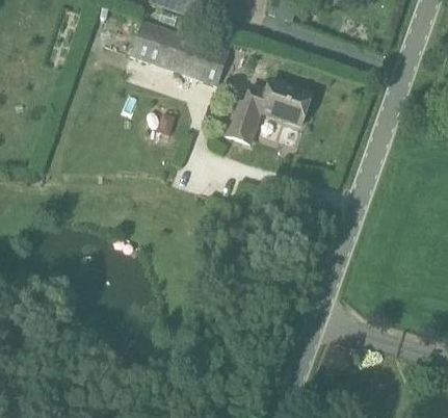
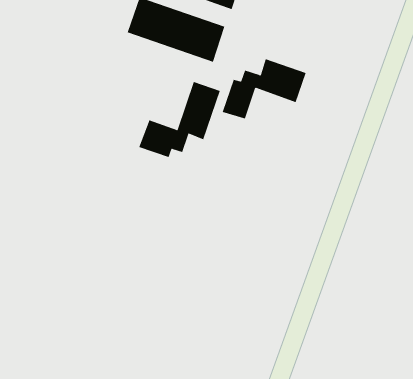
building: none -> [139,81,221,158]

